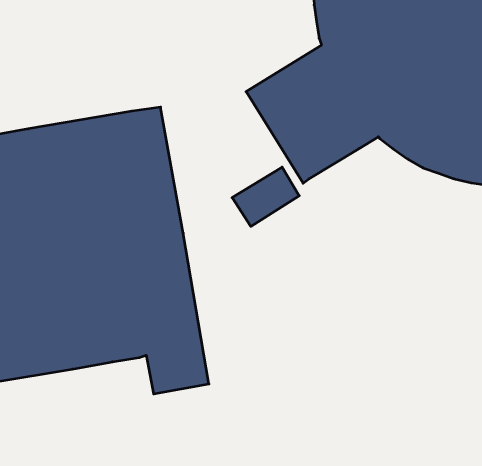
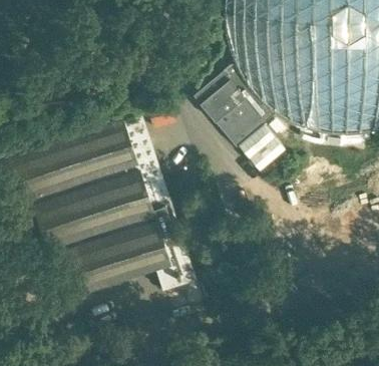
building: [232,167,299,226] -> [241,123,282,162]

